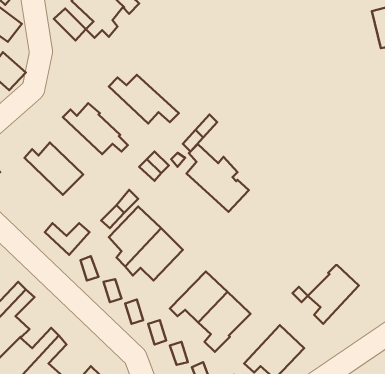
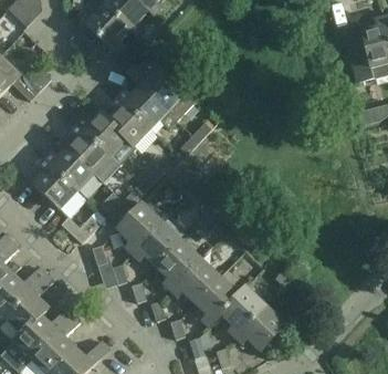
building: none -> [108,97,151,148]
building: none -> [66,124,112,174]
building: [186,144,249,212] -> [141,62,196,121]
building: none -> [33,159,77,209]
building: none -> [156,239,201,290]
building: [308,265,359,324] -> [221,287,265,337]

